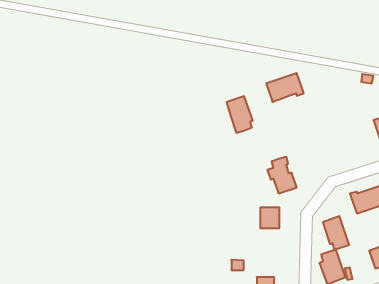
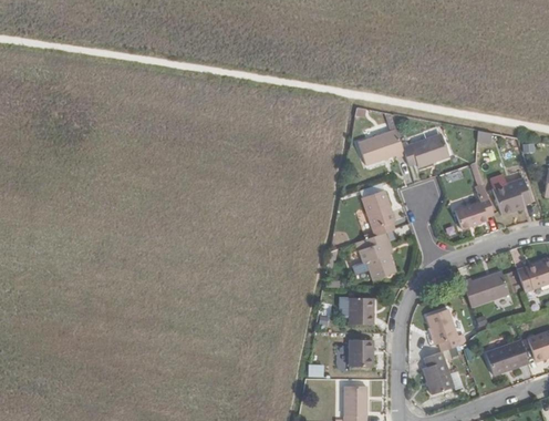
building: none -> [408,131,448,164]
building: [227,96,253,133] -> [361,188,394,235]
building: none -> [455,194,493,227]
building: none -> [348,338,372,366]

